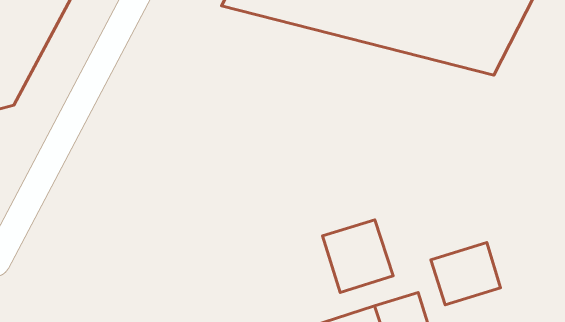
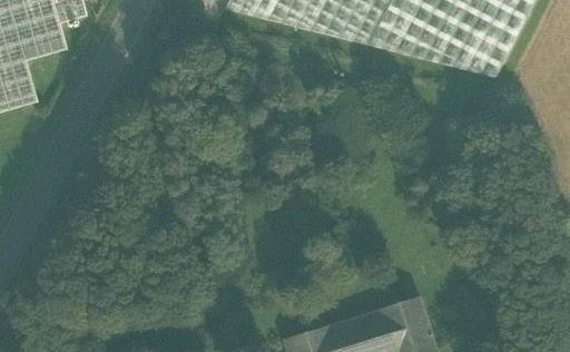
building: [323,220,393,293] -> none
building: [431,242,500,305] -> none

